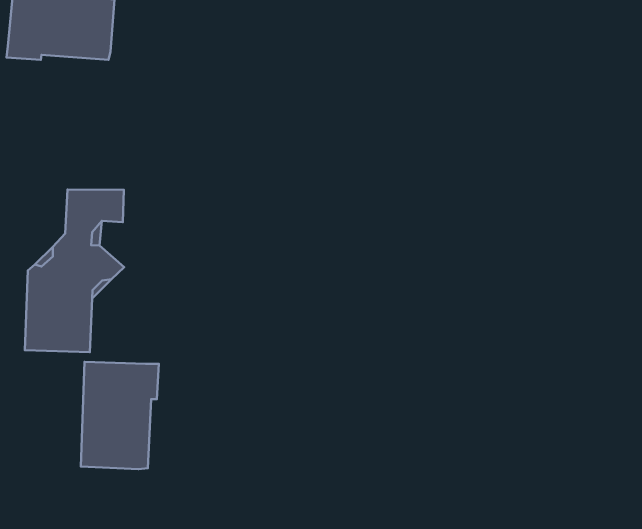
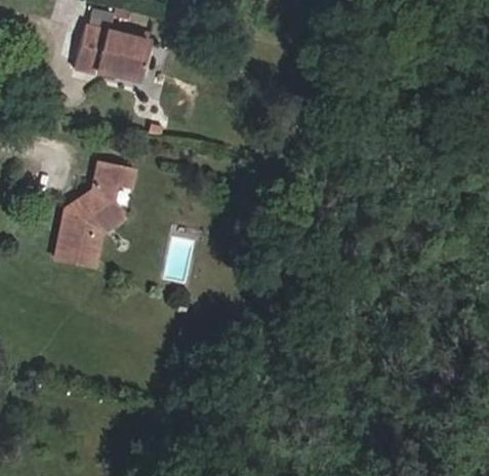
building: [81,362,159,469] -> none

